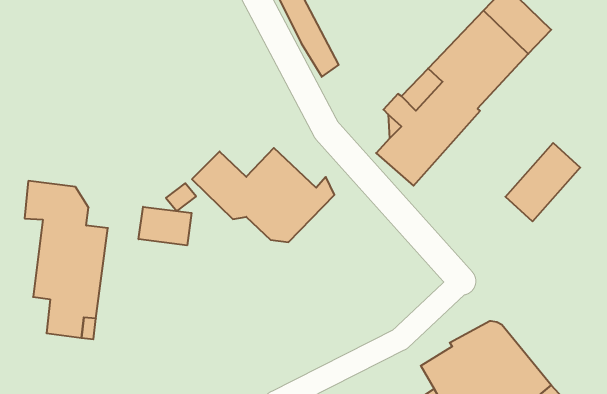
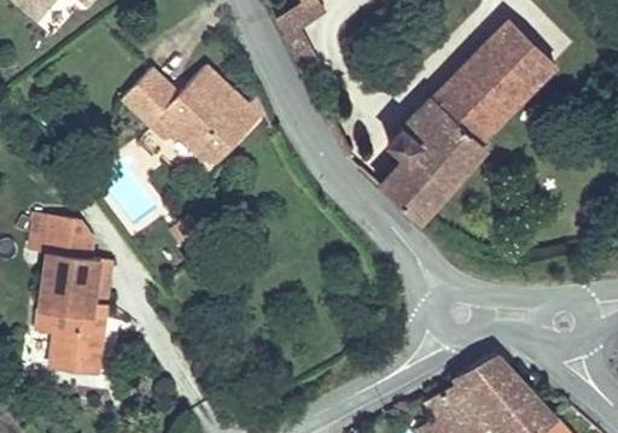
building: [505,143,580,221] -> none
building: [192,148,334,242] -> [122,65,264,159]
building: [139,207,192,245] -> none

